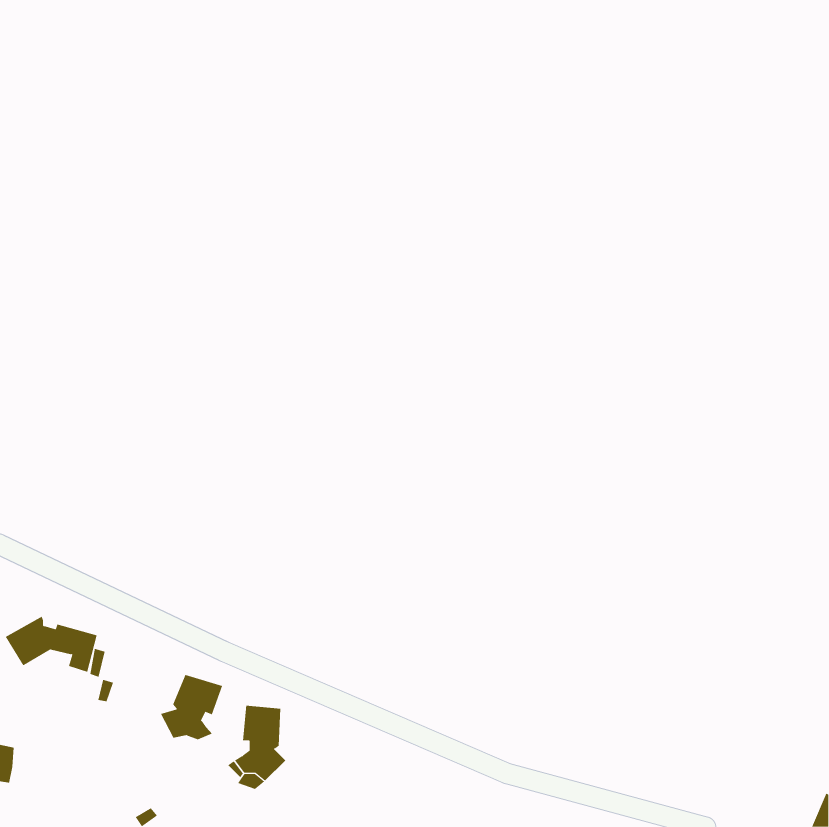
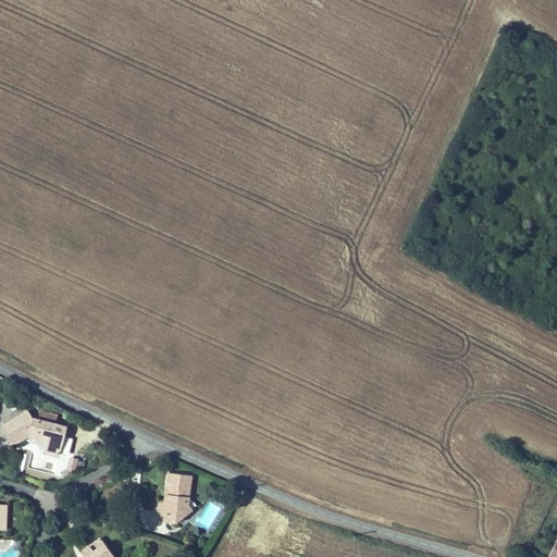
building: [160,674,223,740] -> none

